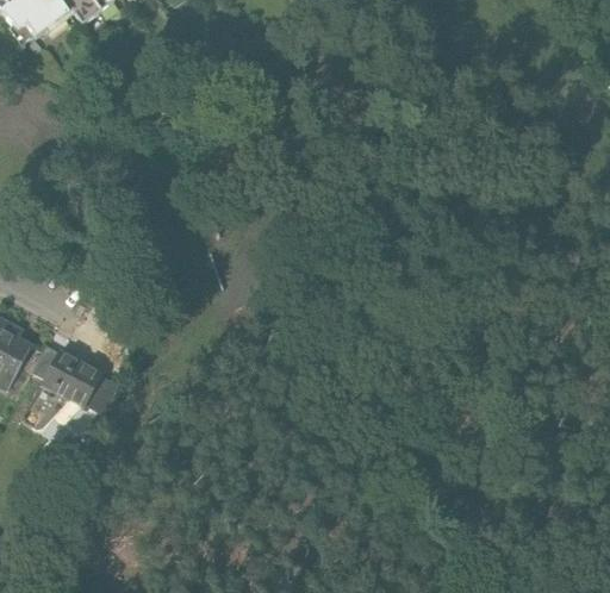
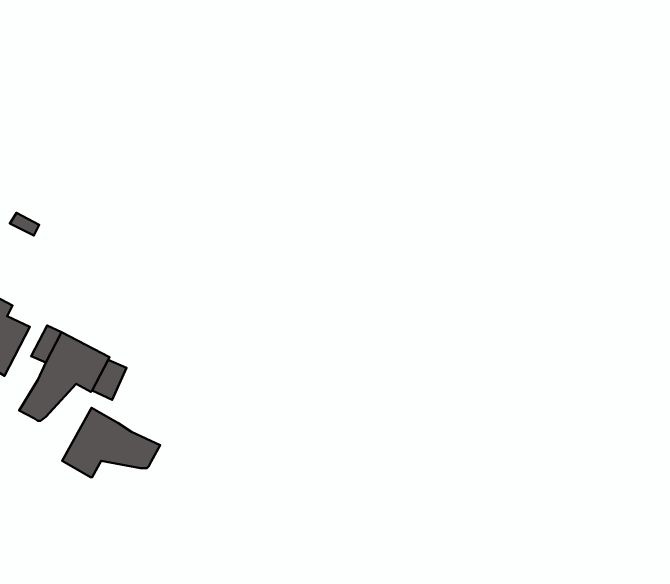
building: none -> [62,408,160,477]

